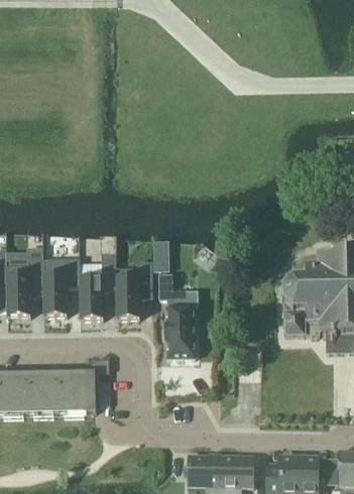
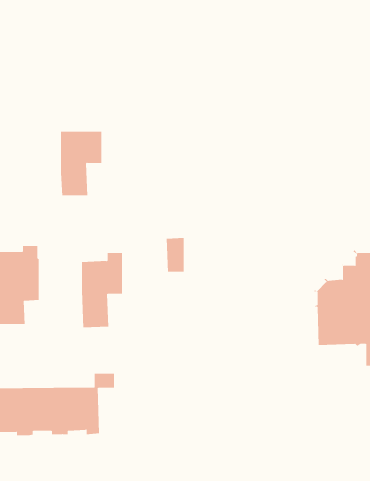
building: [42,258,79,315] -> [60,131,102,196]
building: [115,261,151,318] -> none
building: [158,274,194,358] -> none

